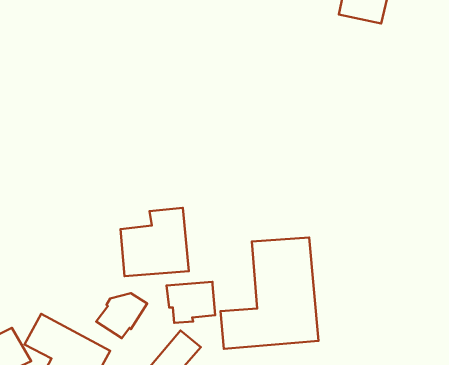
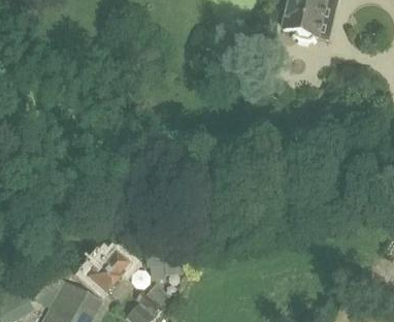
building: [120,208,189,276] -> none
building: [220,238,319,349] -> none

